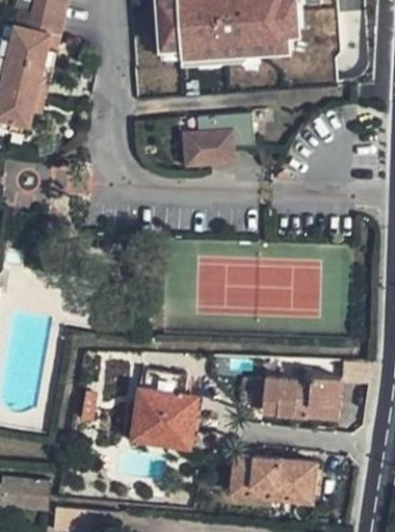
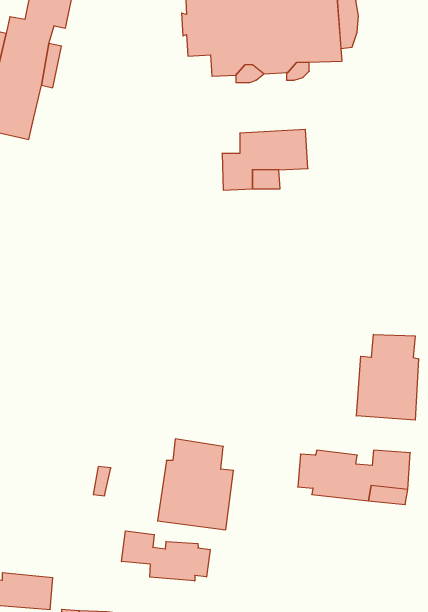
building: none -> [356,334,419,420]
building: none -> [122,531,210,581]
building: [232,452,316,502] -> none

